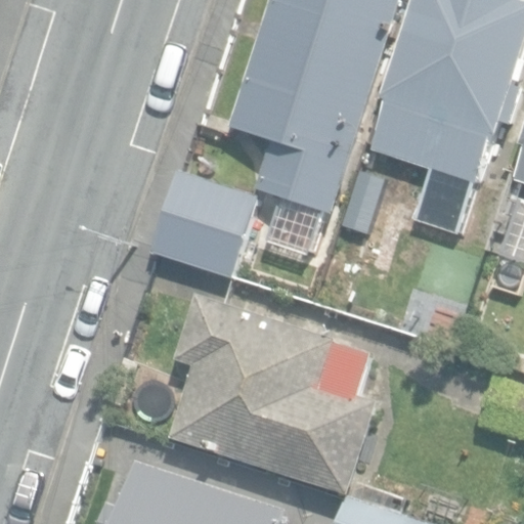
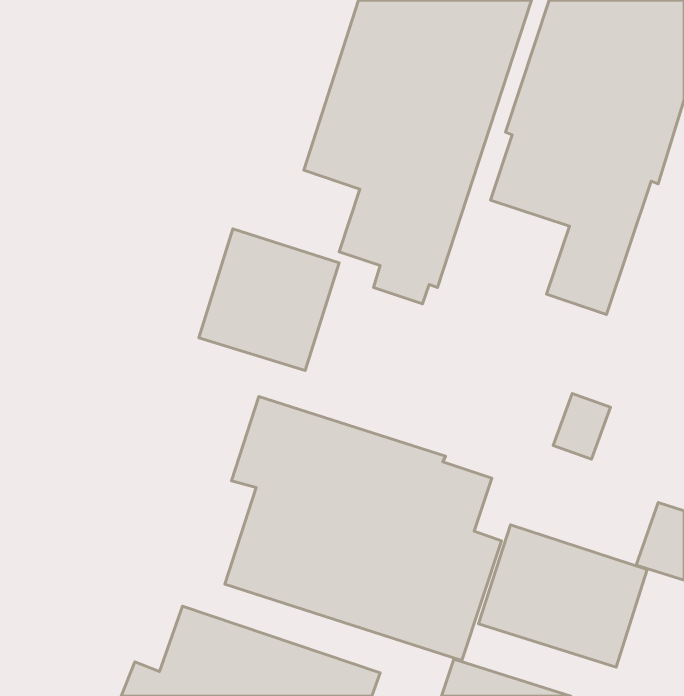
building: none -> [479,525,647,667]

